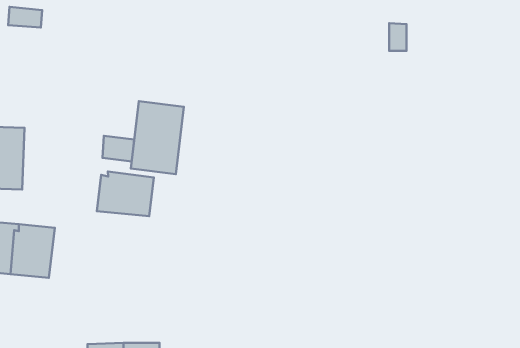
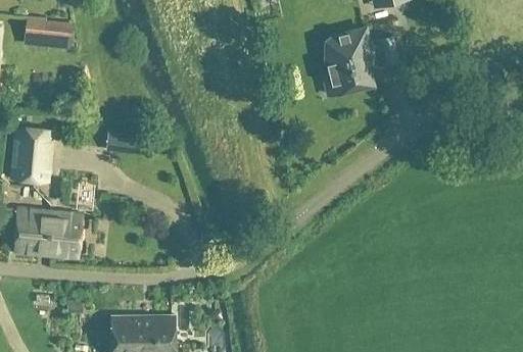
building: none -> [323,29,373,94]
building: [131,101,184,174] -> none
building: [97,172,154,216] -> none

